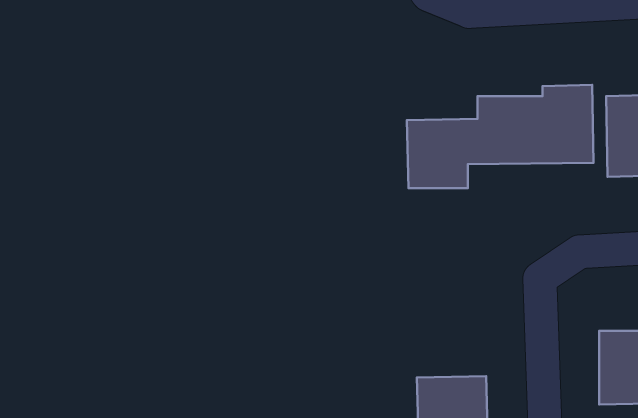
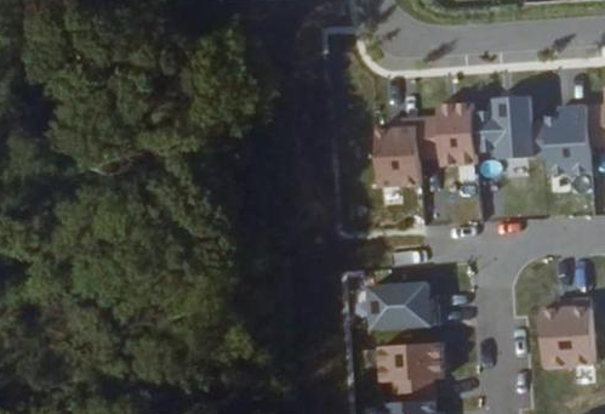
building: none -> [373,283,433,327]

